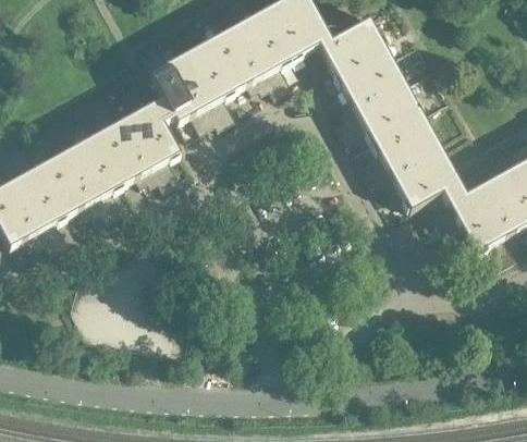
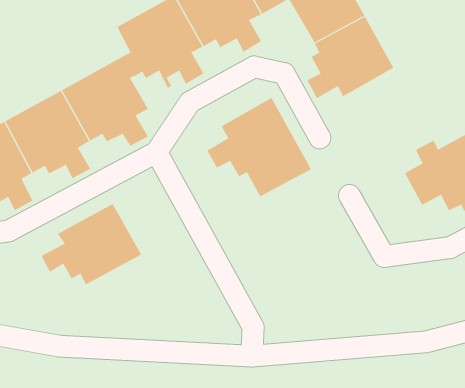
building: [357,111,461,209] -> [207,97,312,197]
building: none -> [41,203,142,285]

